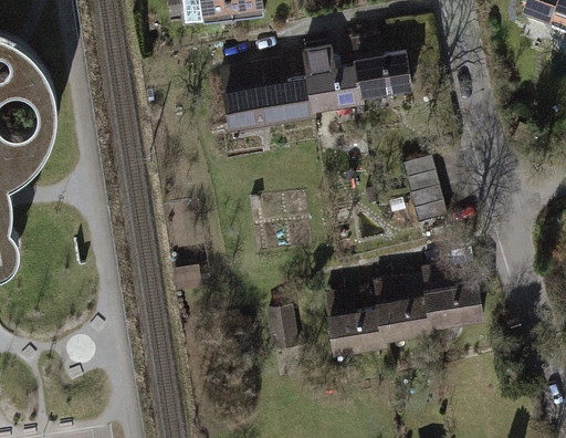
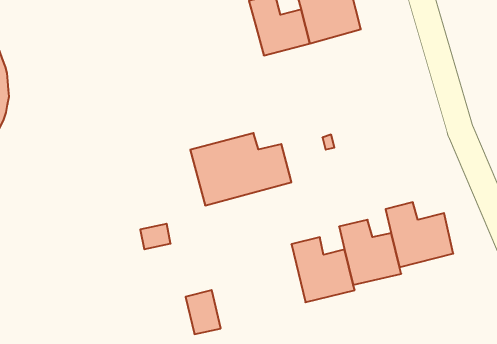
building: [216,62,313,129] -> [190,133,291,205]
building: [402,161,446,229] -> none
building: [266,307,298,350] -> [186,290,221,334]

